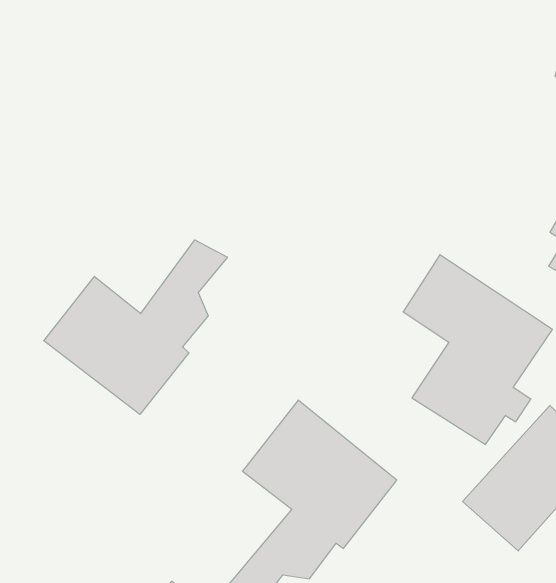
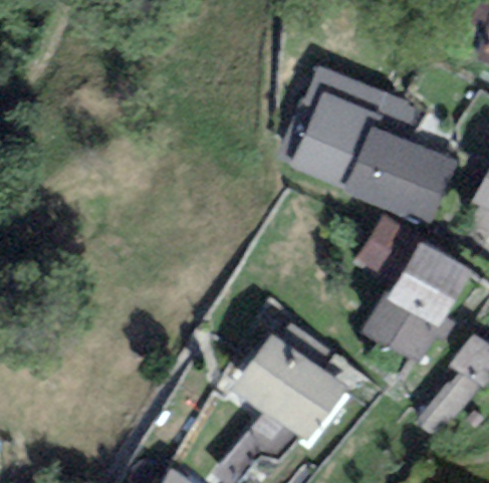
building: none -> [276,68,457,227]
building: [44,240,227,414] -> none

